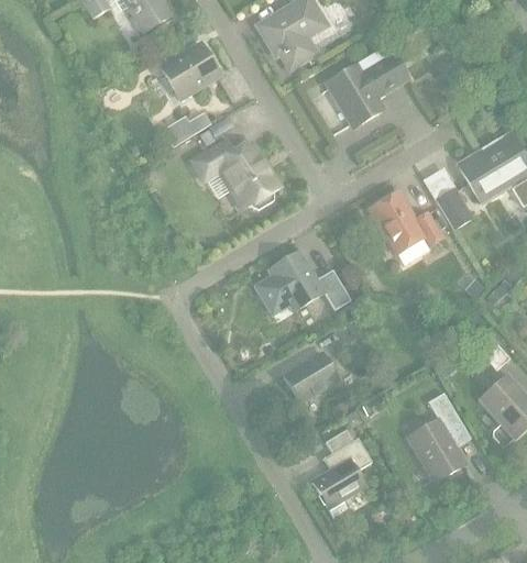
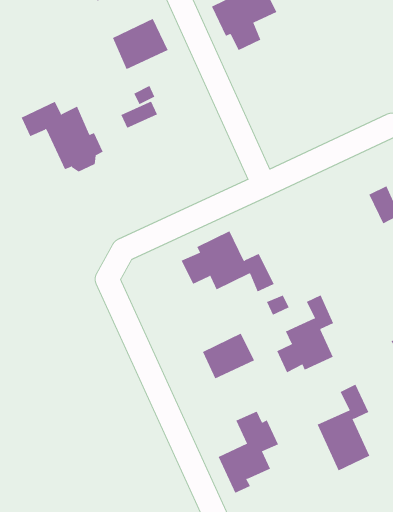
building: [325,49,411,129] -> none
building: [194,141,281,210] -> [21,101,103,172]
building: [372,191,442,253] -> none
building: none -> [276,295,334,373]

